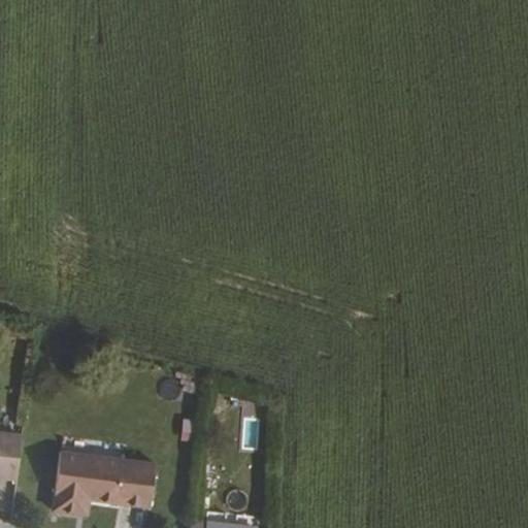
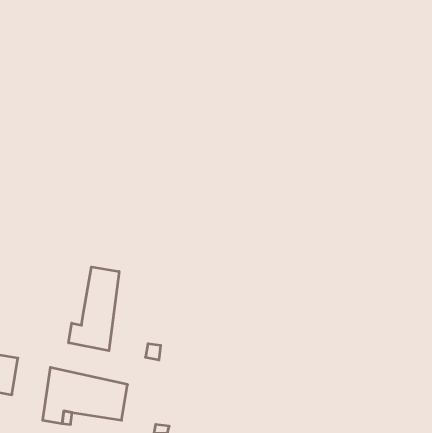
building: none -> [69,267,119,351]

